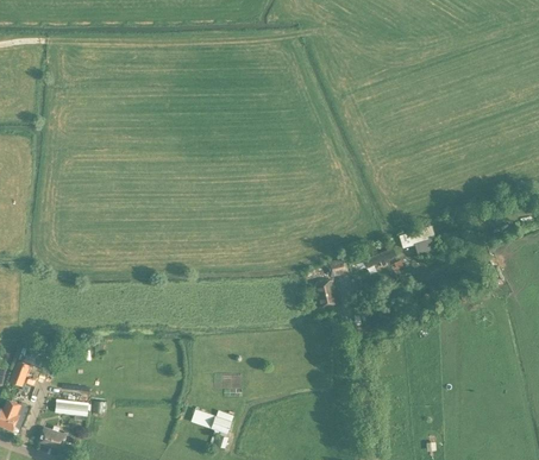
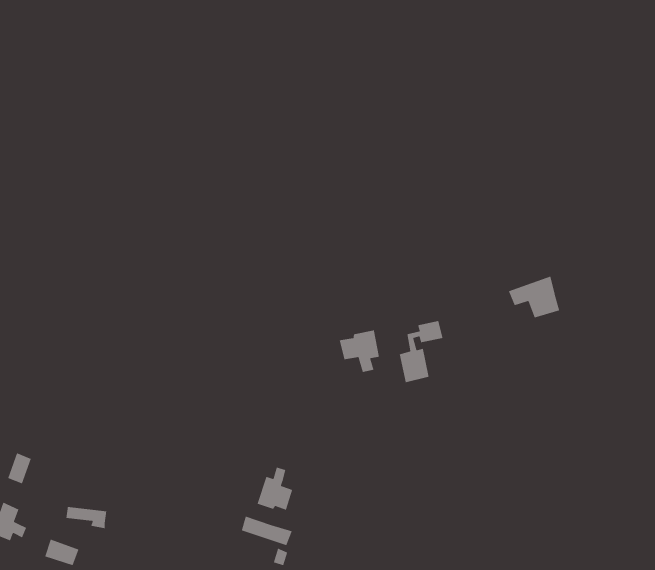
building: none -> [339,329,380,373]
building: none -> [257,466,293,511]

